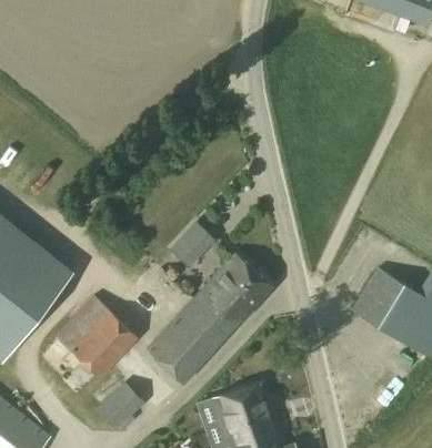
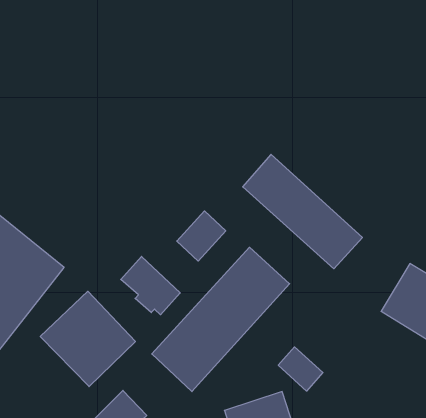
building: none -> [243,154,362,269]
building: none -> [121,256,180,315]
building: none -> [278,347,323,391]

